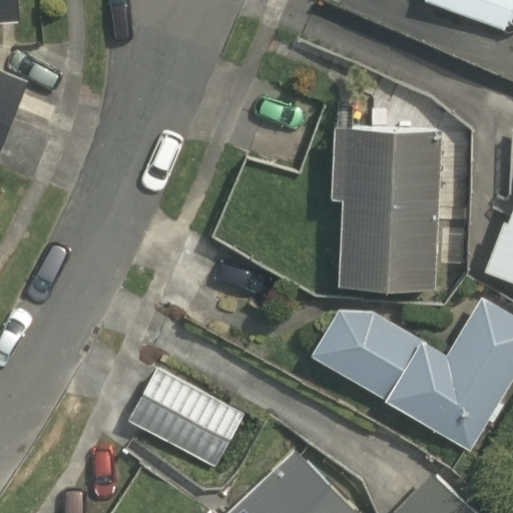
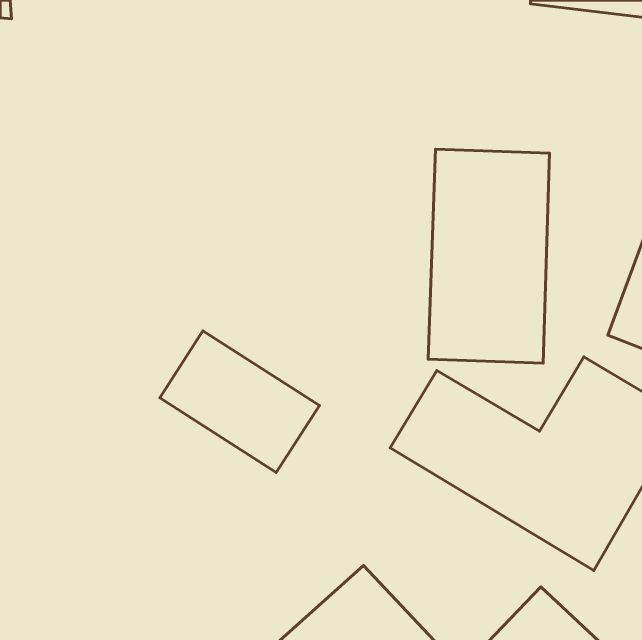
building: [125,361,251,473] -> [160,331,319,472]

